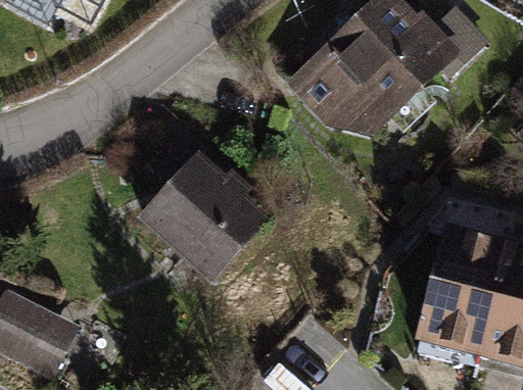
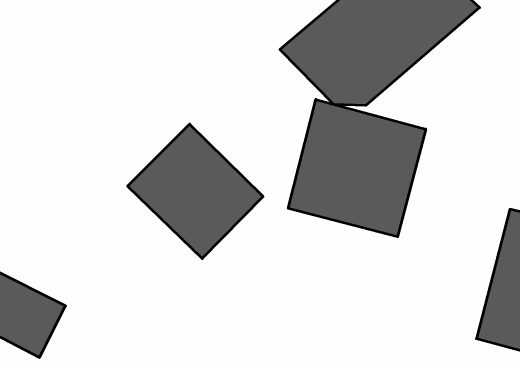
building: none -> [288,99,426,237]
building: [415,216,510,358] -> none

